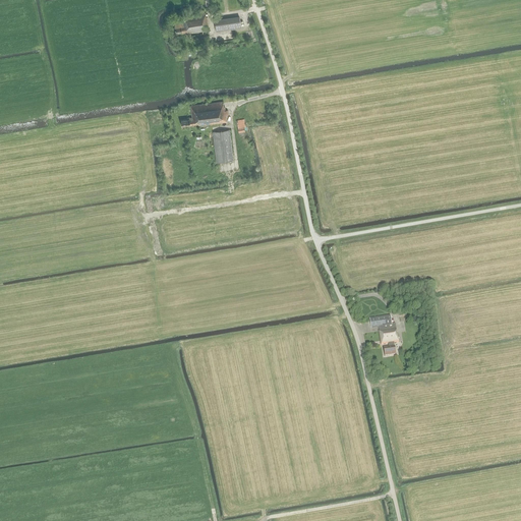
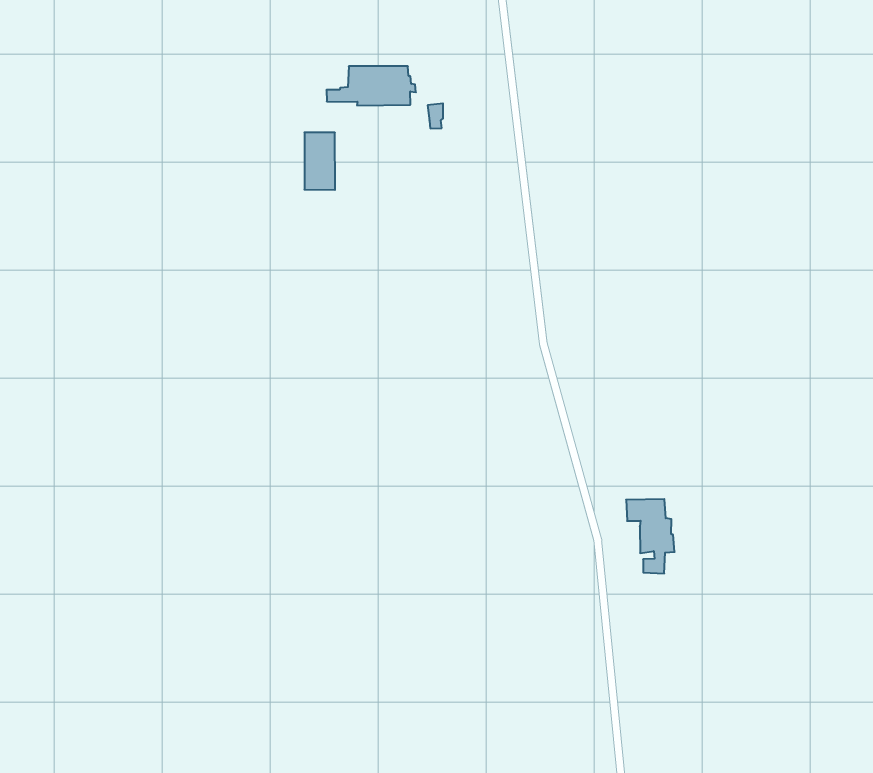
building: [213,130,233,163] -> [304,132,335,190]

